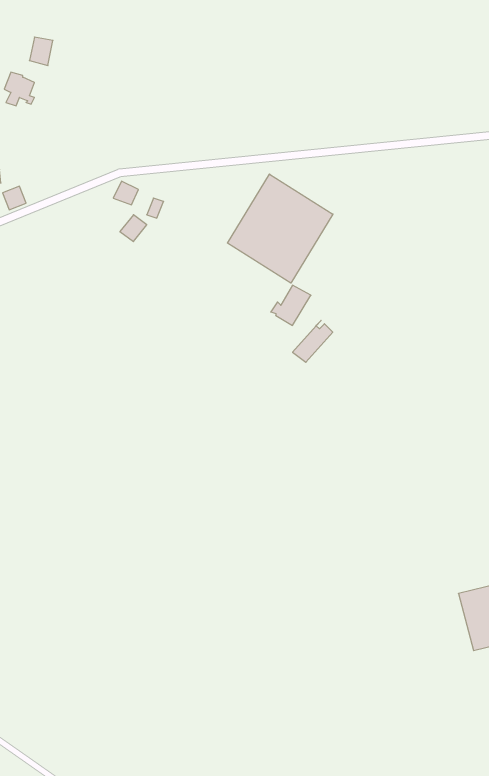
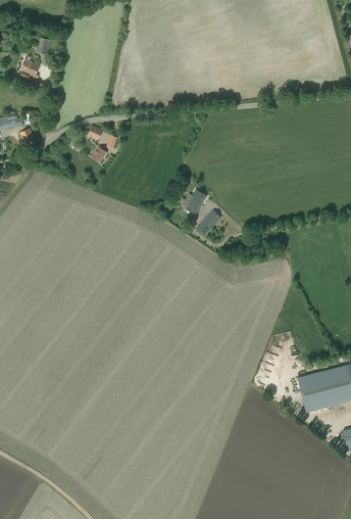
building: [227,174,333,283] -> none

